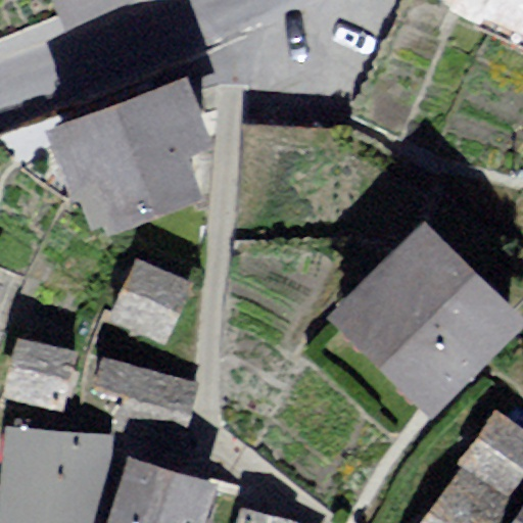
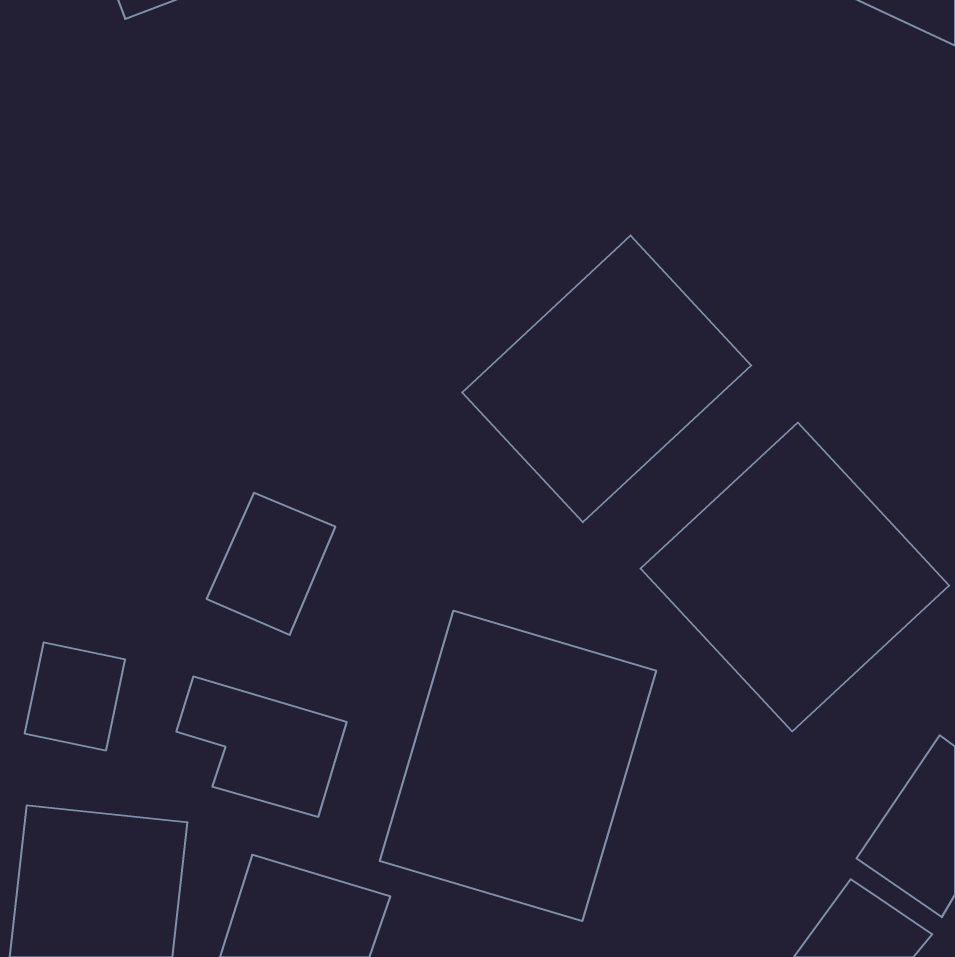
building: [62,88,203,216] -> none
building: none -> [462,235,751,522]
building: none -> [380,611,656,921]

